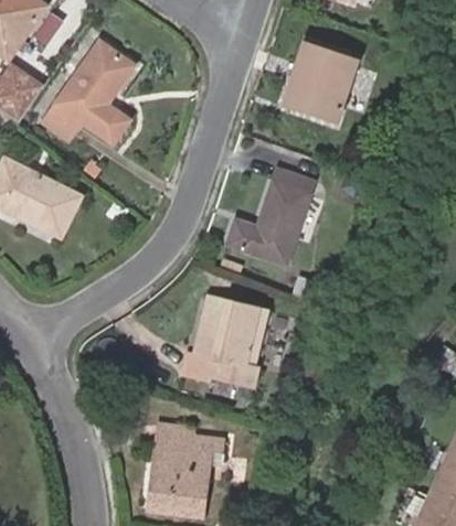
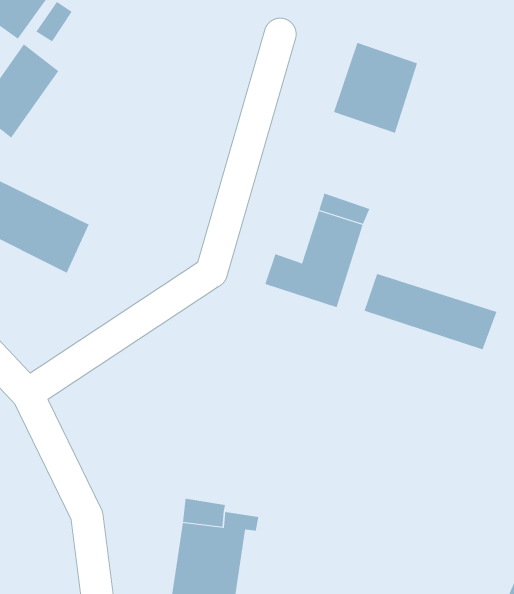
building: [43,41,132,142] -> none
building: none -> [364,273,497,350]
building: [183,298,266,385] -> none

